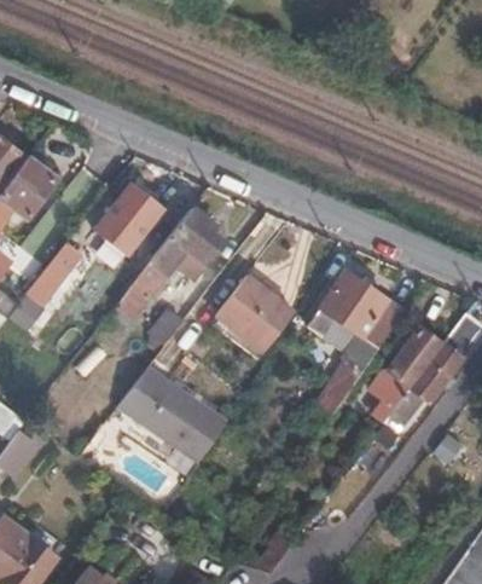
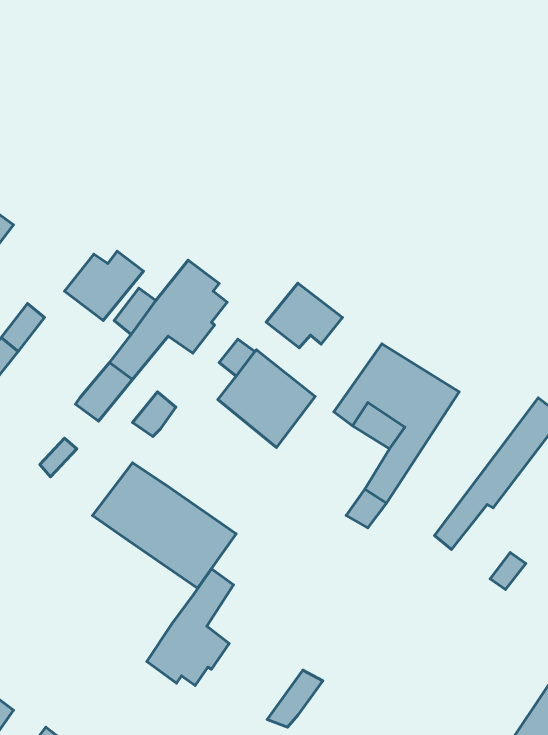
building: none -> [266,283,343,348]
building: [368,328,445,422] -> none
building: none -> [147,569,233,685]

